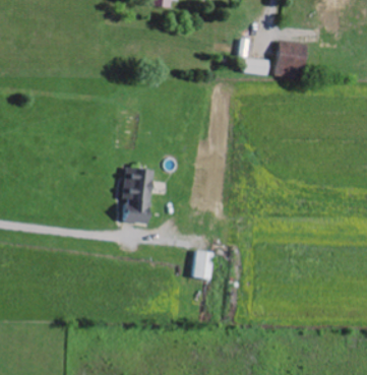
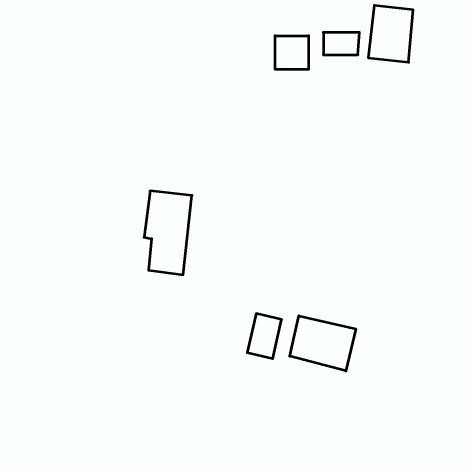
building: none -> [275,36,309,69]
building: none -> [290,316,356,371]

